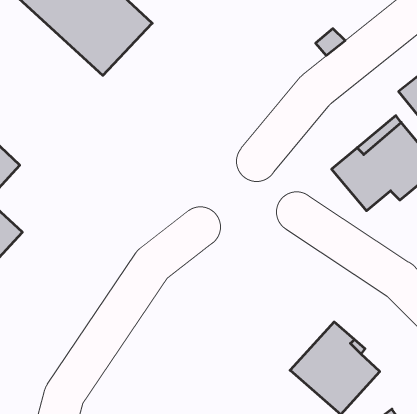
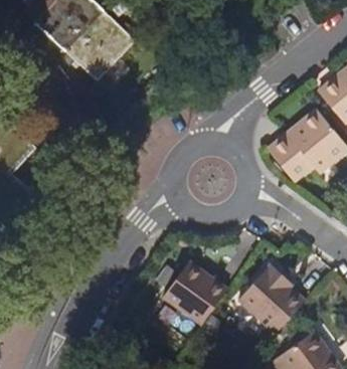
building: none -> [162,261,227,326]

